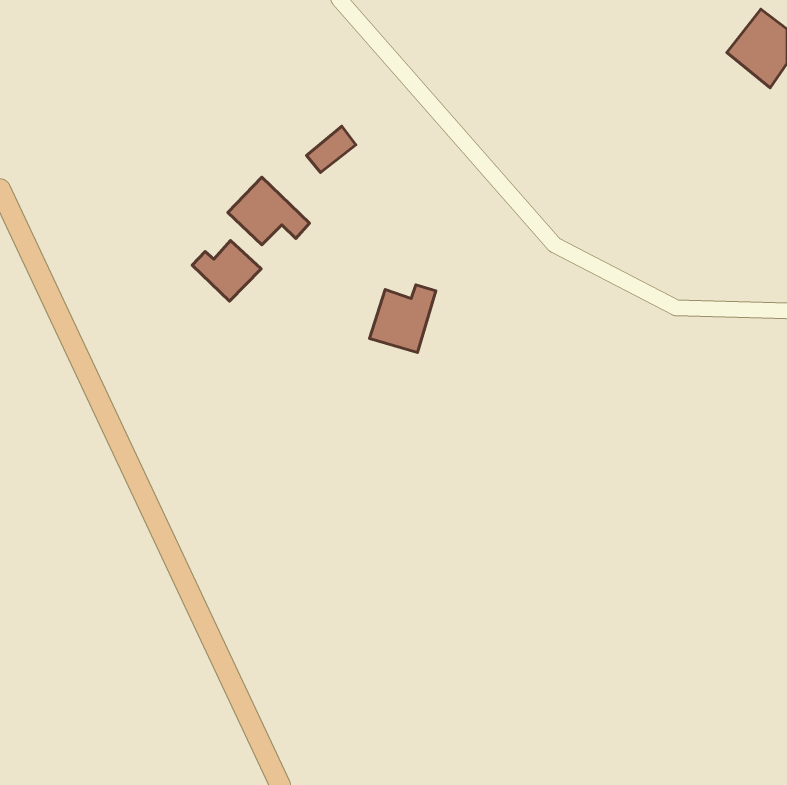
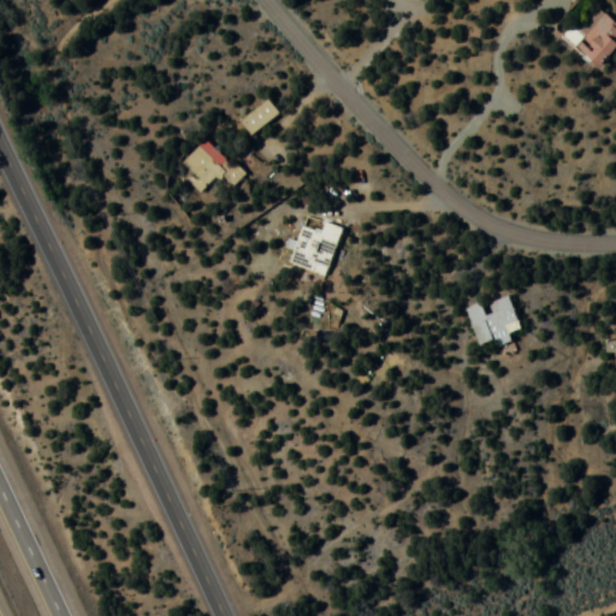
building: [192,240,261,301] -> none
building: none -> [466,295,521,349]

